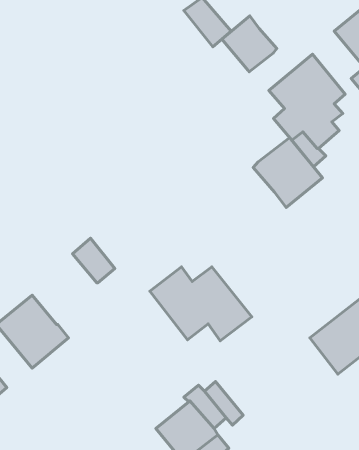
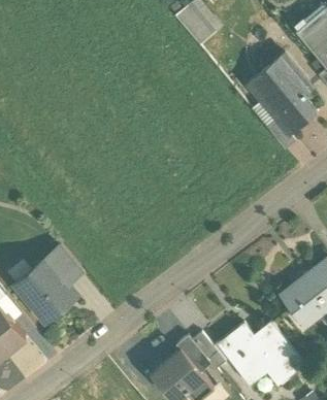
building: [222,16,277,72] -> none
building: [253,138,323,208] -> none
building: [72,238,115,283] -> [46,245,83,284]
building: [150,267,252,341] -> [218,322,304,385]

